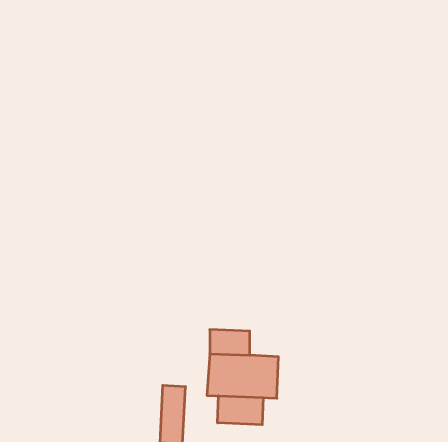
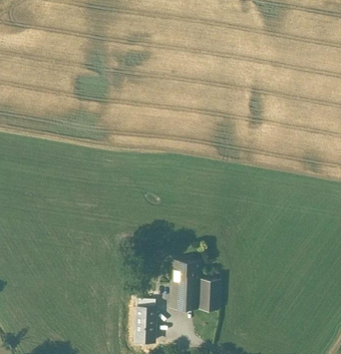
building: [218,396,263,425] -> none

